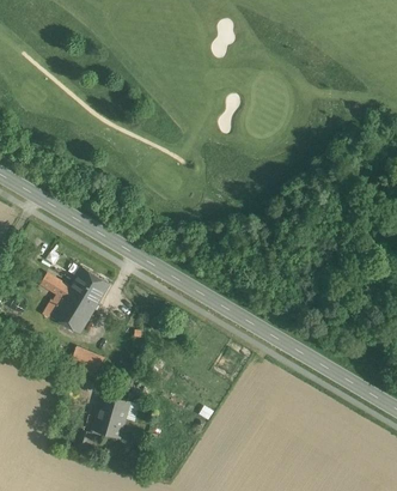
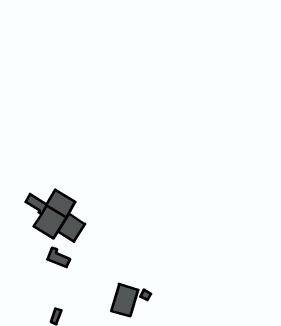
building: none -> [58,213,85,242]
building: [92,394,129,438] -> [111,284,138,316]

